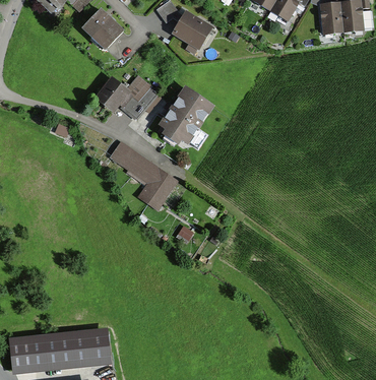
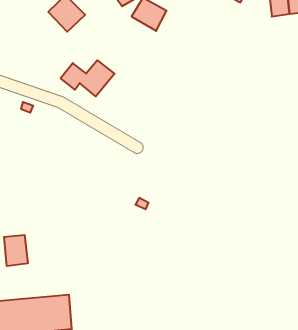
building: [156,86,213,146] -> none
building: [110,142,176,205] -> none
building: none -> [4,235,28,266]

